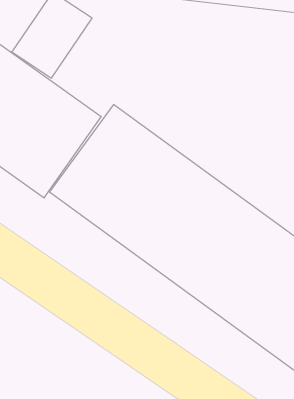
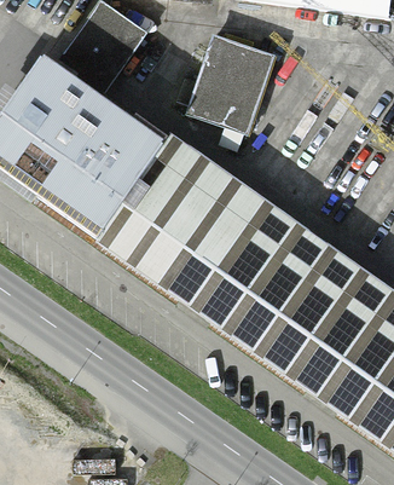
building: none -> [184,31,278,135]

